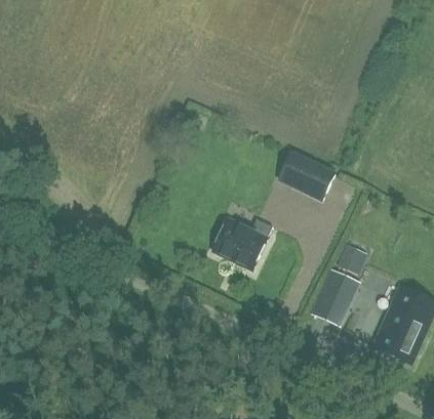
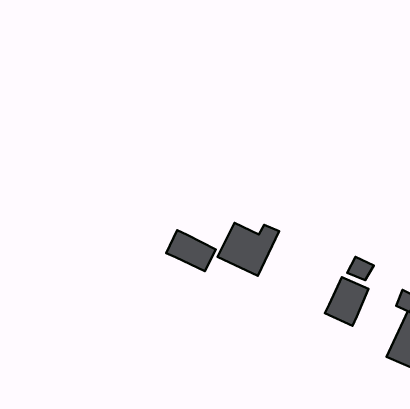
building: [278,152,334,200] -> none
building: none -> [166,230,216,271]

